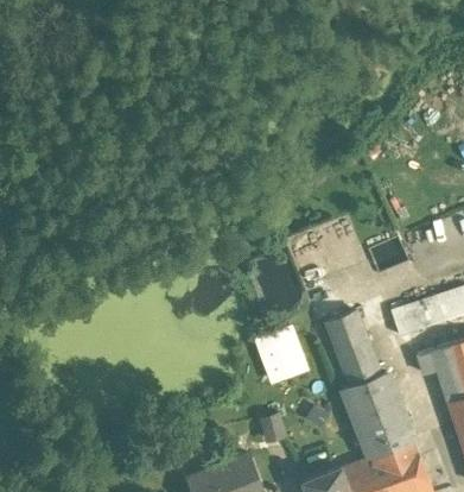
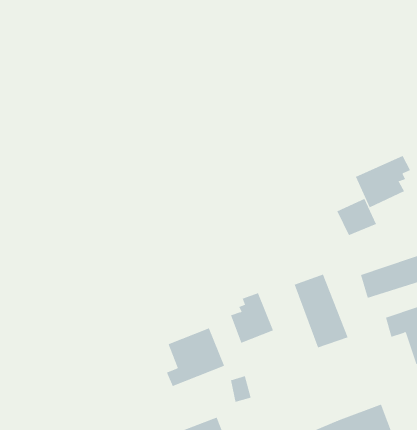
building: none -> [355,155,411,208]
building: none -> [166,328,225,387]
building: [343,373,413,459] -> none

